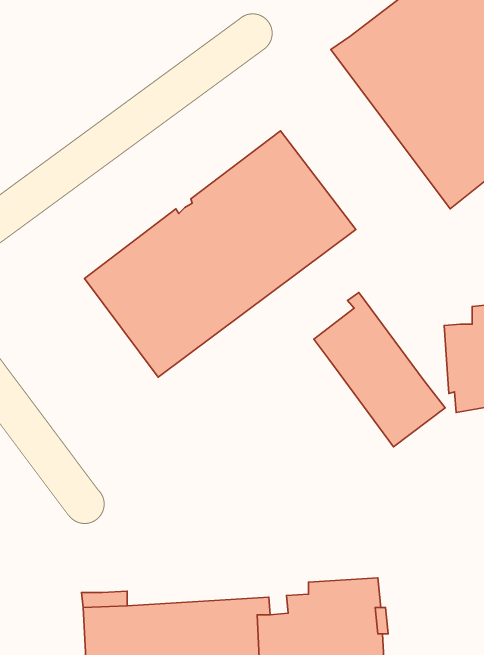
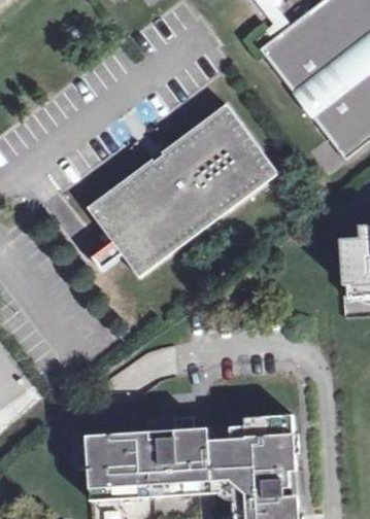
building: [314,292,445,447] -> none

